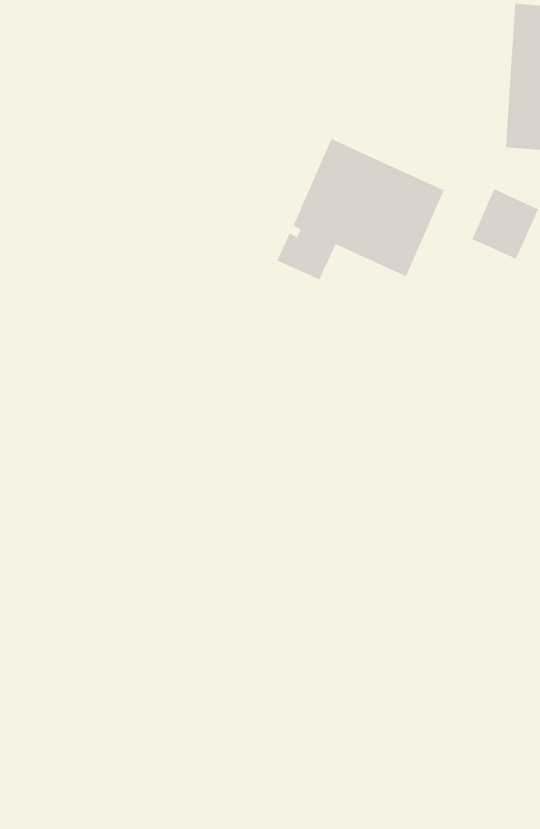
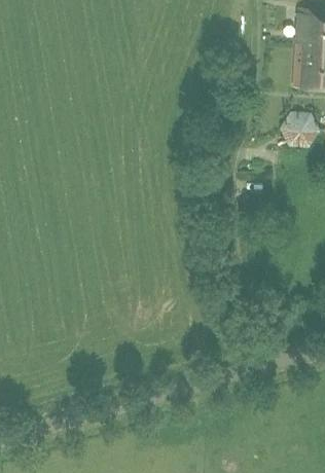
building: [277,138,444,280] -> none

